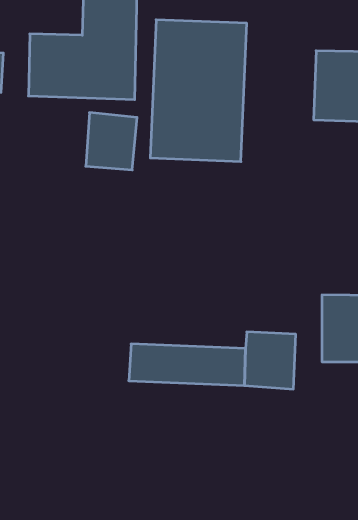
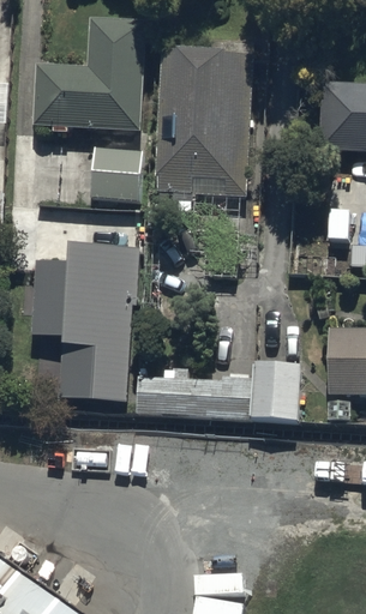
building: none -> [31,243,140,404]

